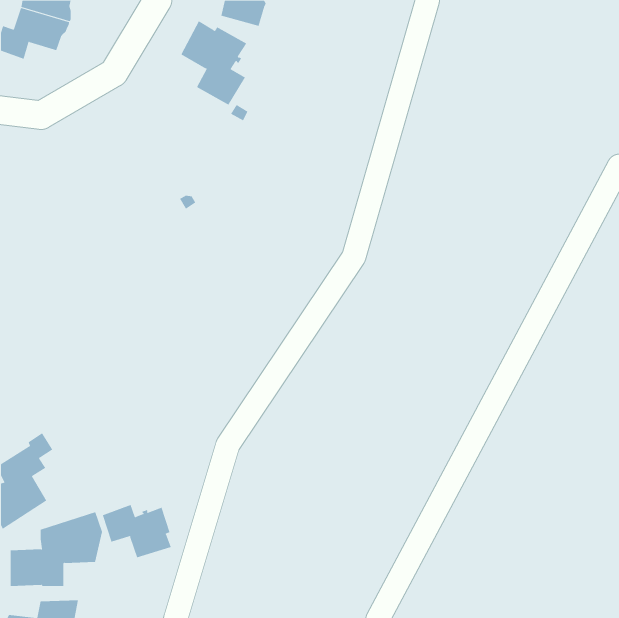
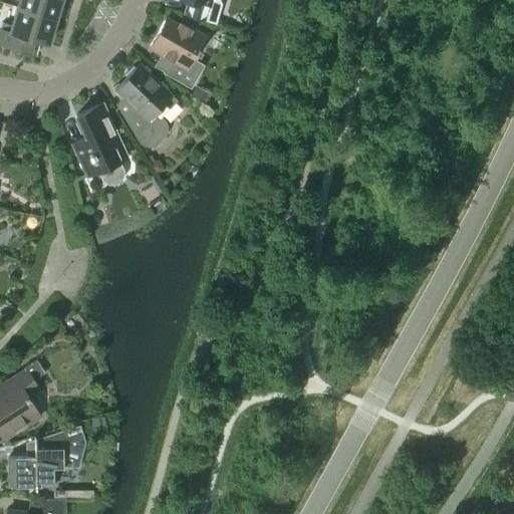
building: none -> [114,64,177,148]
building: none -> [71,103,126,183]
building: [102,504,172,558] -> none

